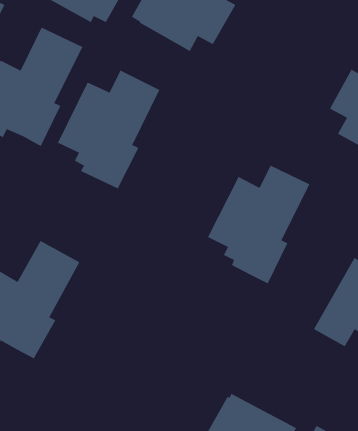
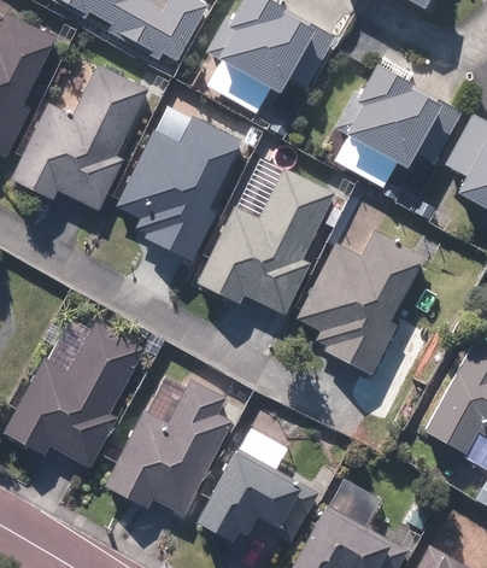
building: none -> [335,66,460,169]
building: none -> [199,169,335,312]
building: none -> [106,381,235,515]
building: none -> [196,449,318,539]

